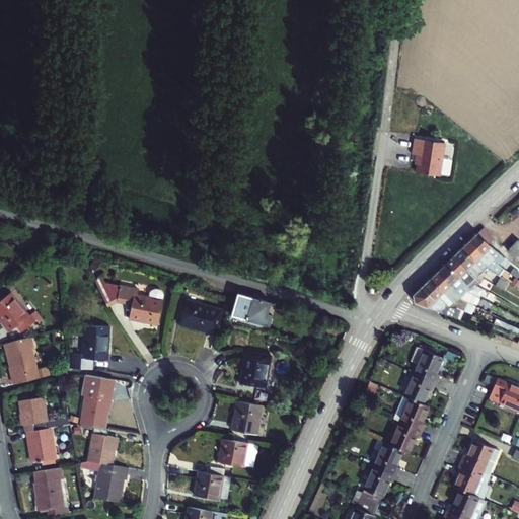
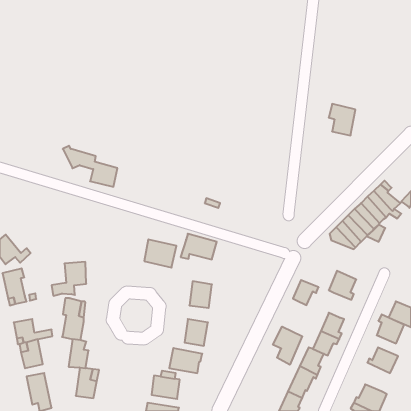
building: [90,273,159,324] -> [63,146,117,187]
building: [410,368,442,399] -> [293,280,319,305]
building: none -> [273,327,302,365]
building: [456,456,491,493] -> [377,314,404,343]

